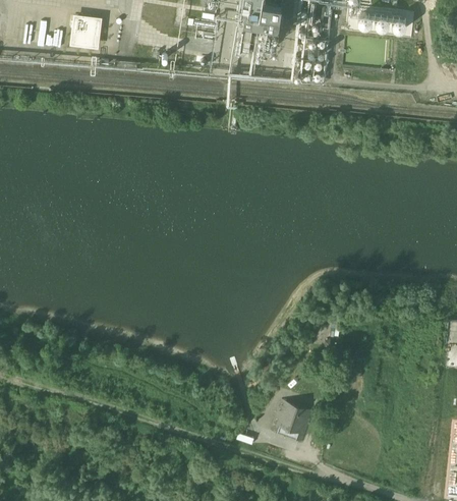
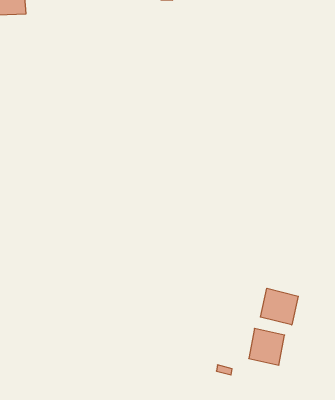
building: none -> [260,288,298,325]

